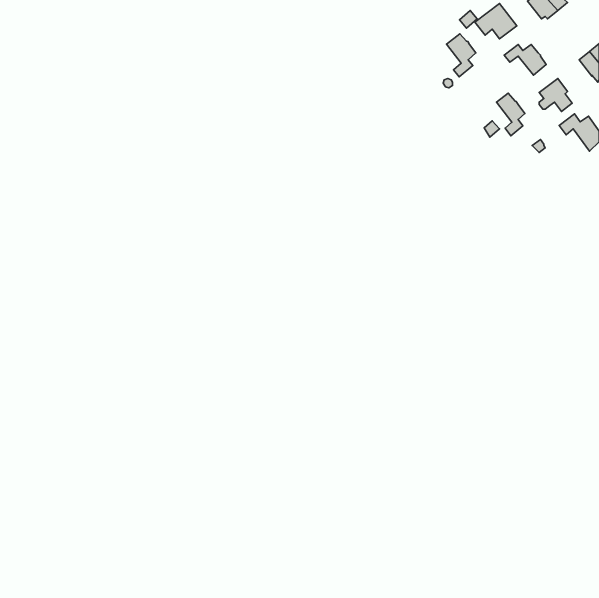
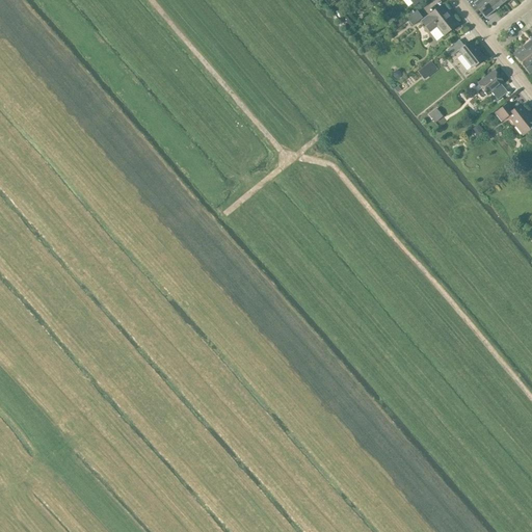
building: [447,34,476,77] -> none
building: [497,93,525,136] -> none

